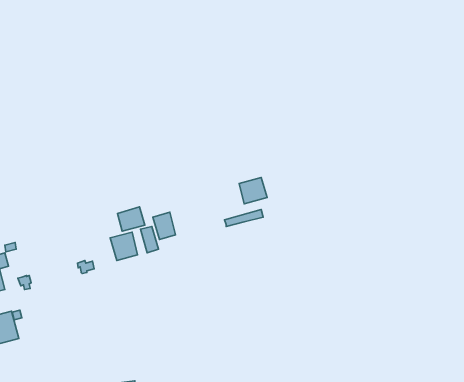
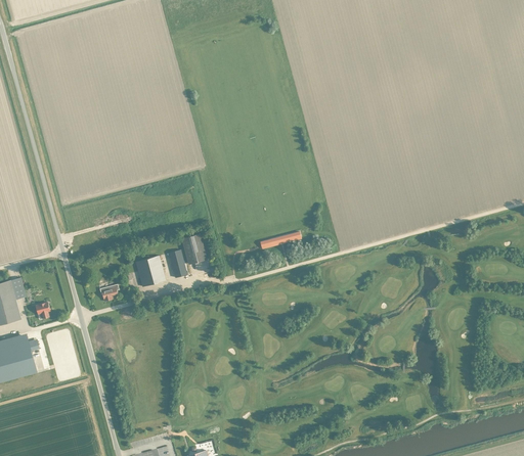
building: [239,177,267,204] -> none
building: [117,207,145,231] -> none

